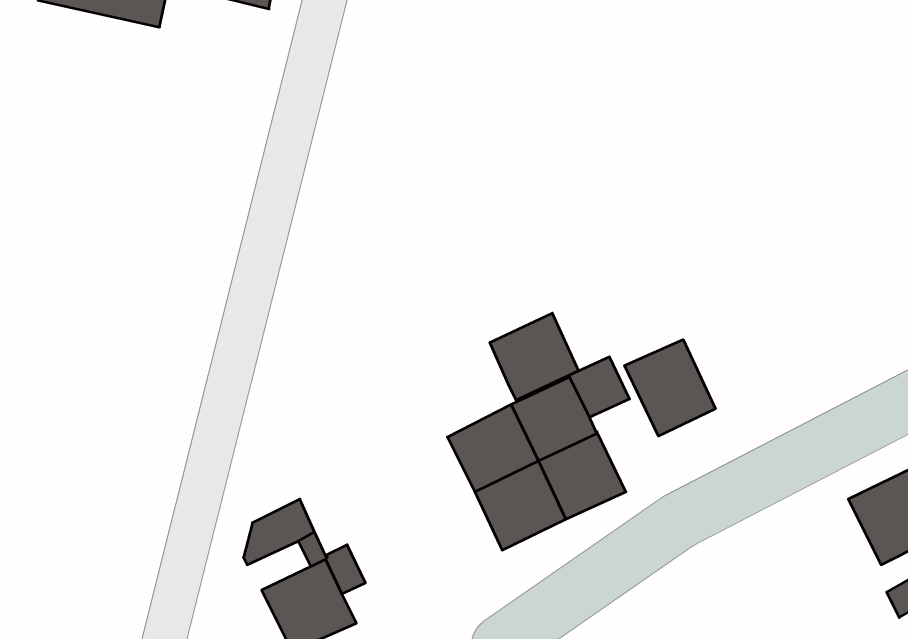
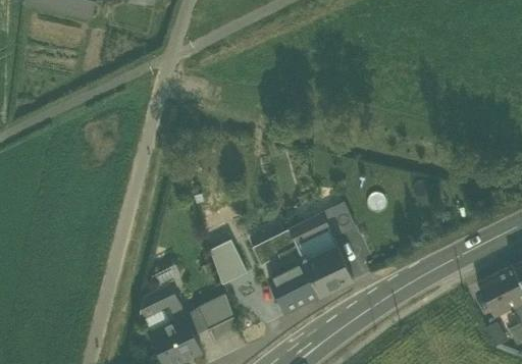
building: [490,313,578,400] -> none
building: [625,340,715,436] -> none
building: none -> [209,239,247,283]
building: none -> [196,294,232,330]

